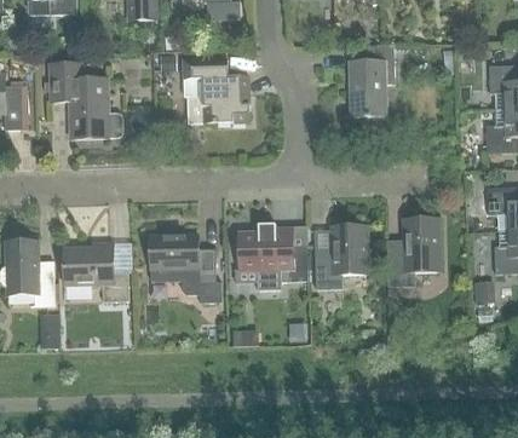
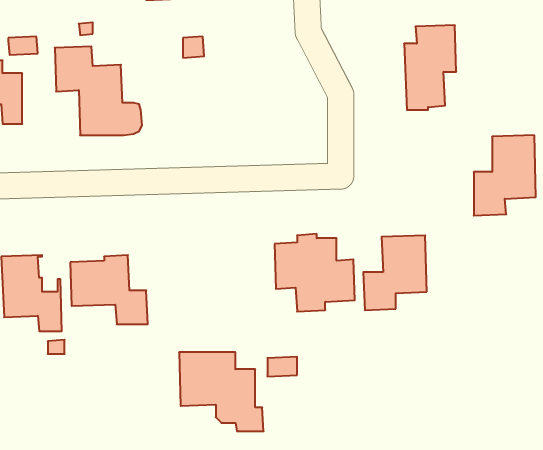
building: [183,57,251,122] -> none
building: [387,217,441,286] -> [474,135,536,216]
building: [150,234,223,301] -> [179,352,264,431]

